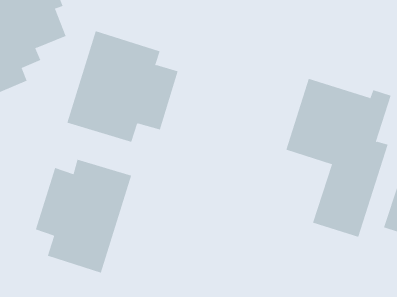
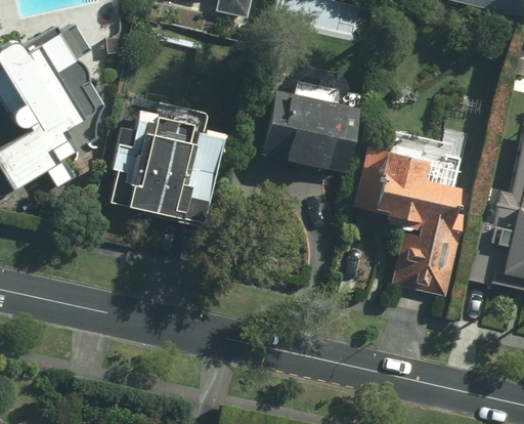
building: none -> [260,77,362,175]
building: [35,159,132,274] -> none

